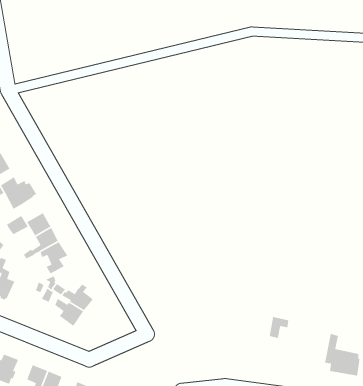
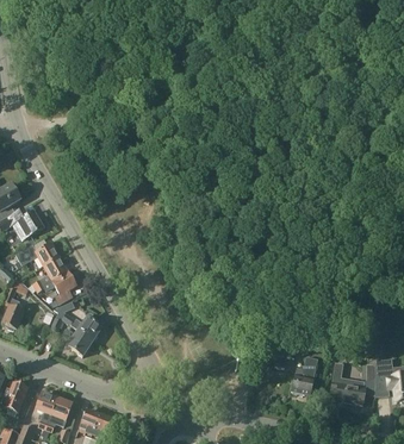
building: none -> [290,356,317,394]

